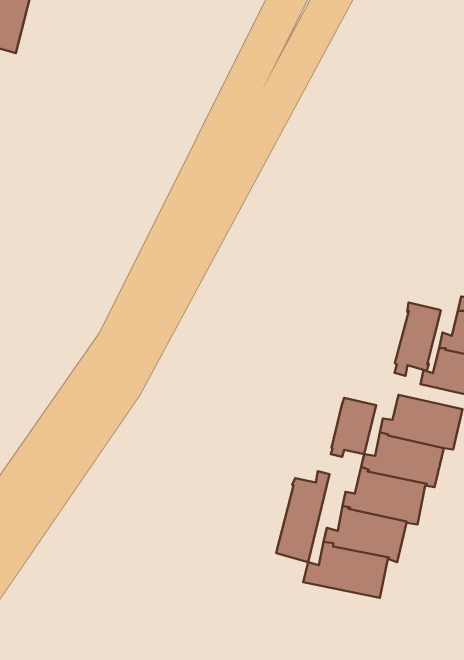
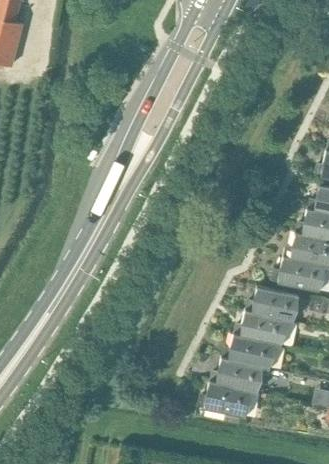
building: [394,302,441,376] -> none
building: [331,398,376,457] -> none
building: [276,471,329,562] -> none

